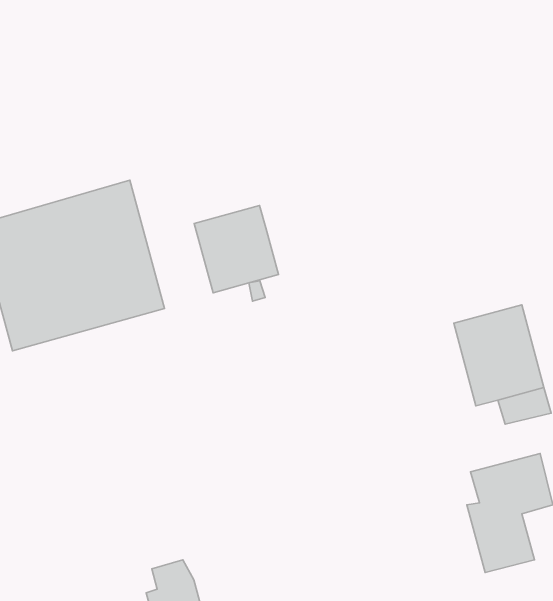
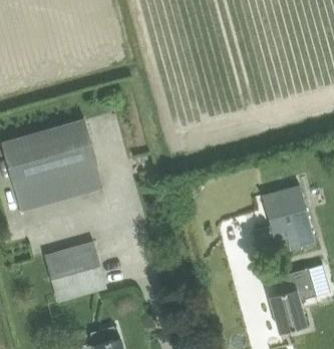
building: [194,205,278,293] -> none
building: none -> [44,241,106,301]

